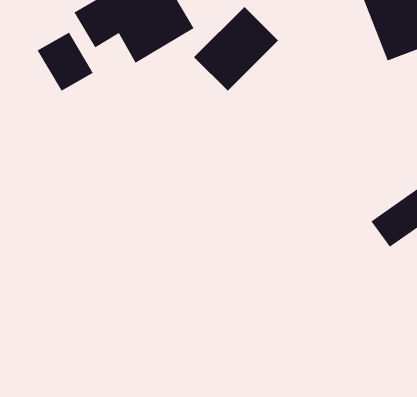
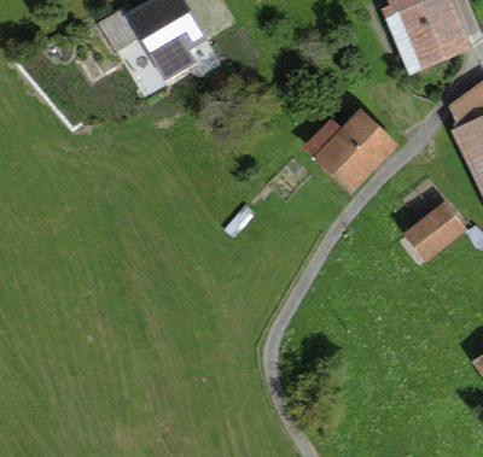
building: [193,6,279,92] -> [307,110,394,197]
building: [37,32,94,92] -> none

